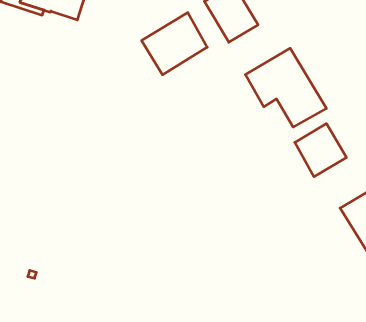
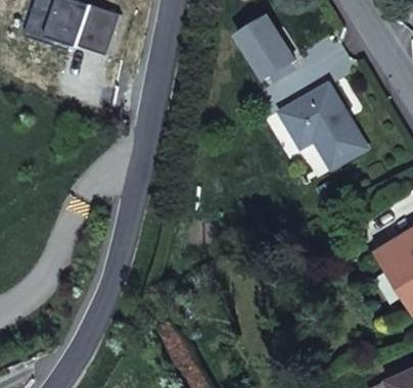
building: [142,13,207,75] -> none
building: [295,124,346,177] -> none

